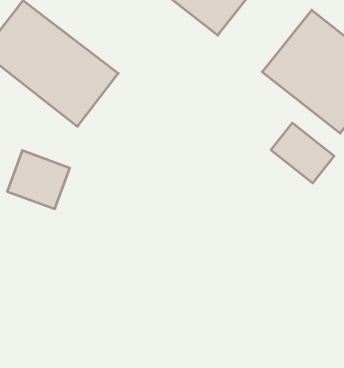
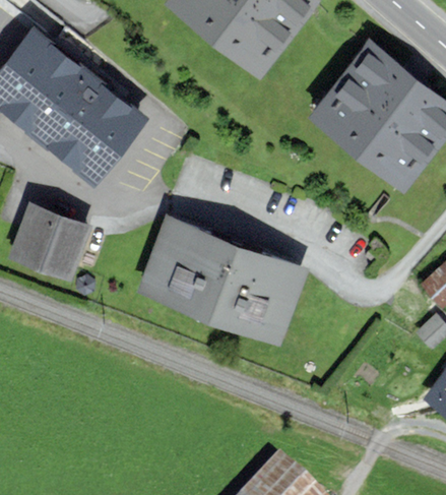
building: [271,123,334,183] -> none
building: none -> [140,218,305,341]

